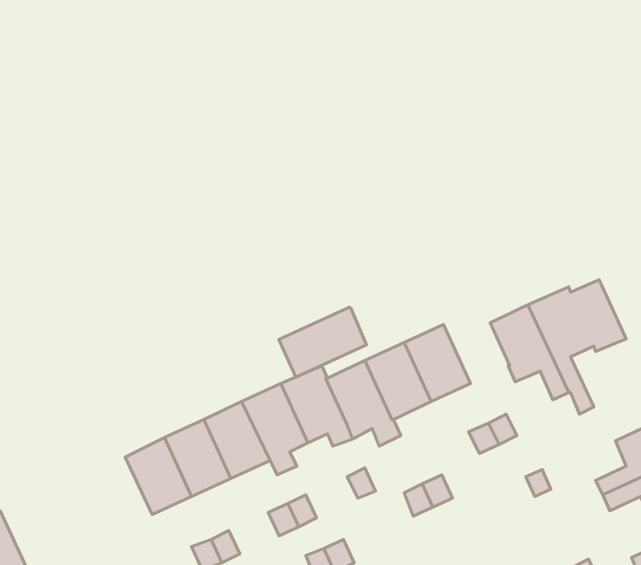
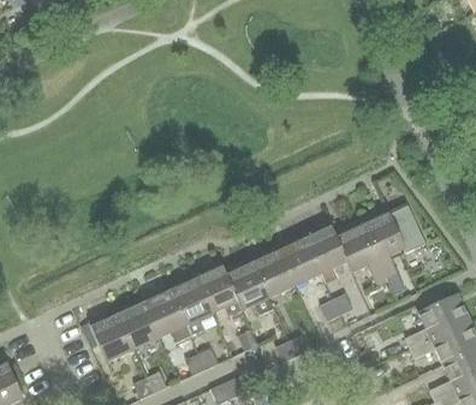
building: none -> [303,222,347,274]
building: [279,307,367,377] -> none

